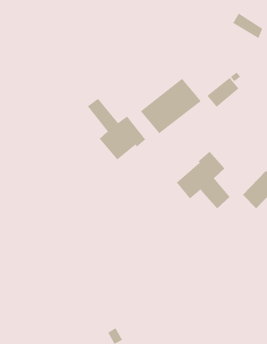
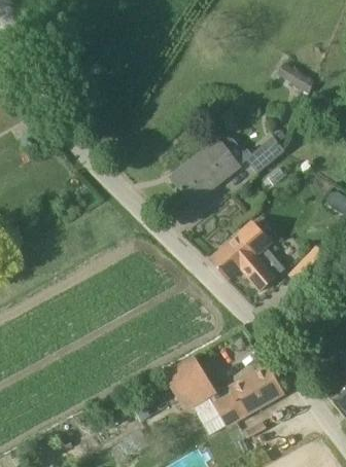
building: [87,98,146,161] -> none
building: none -> [167,357,217,408]
building: none -> [216,365,285,424]

